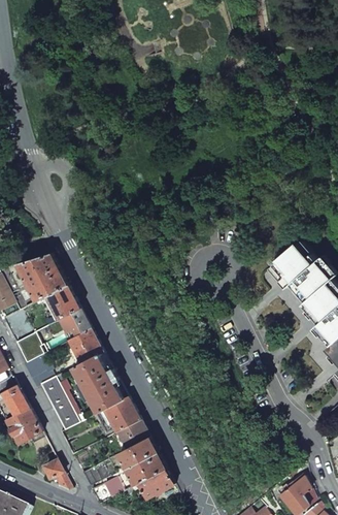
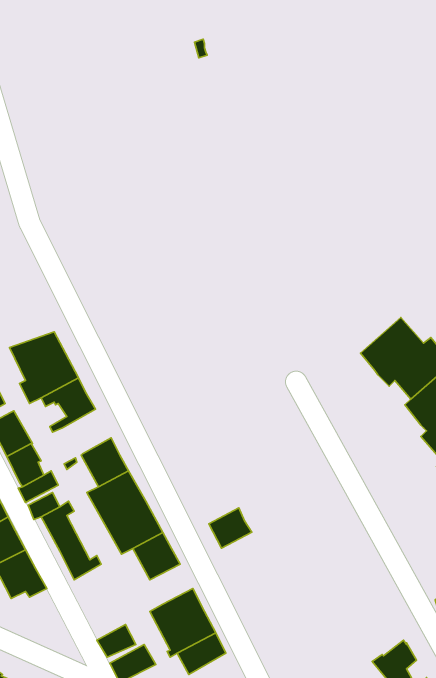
building: [56,308,91,340] -> none
building: [119,419,149,448] -> [209,508,252,548]
building: [43,459,71,490] -> none

